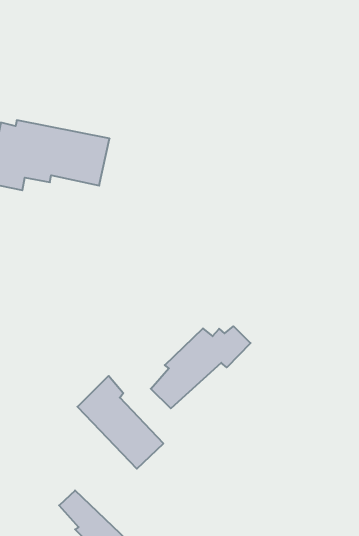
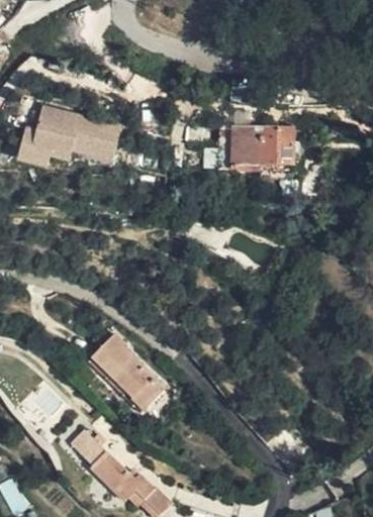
building: none -> [223,128,298,171]
building: [151,326,251,408] -> none

